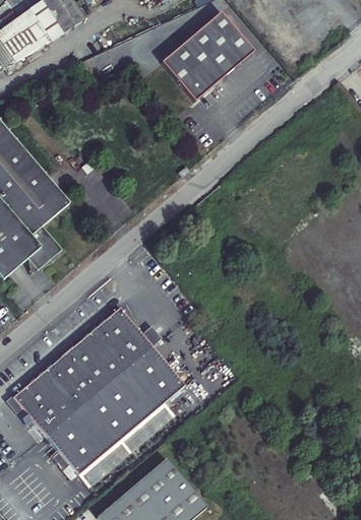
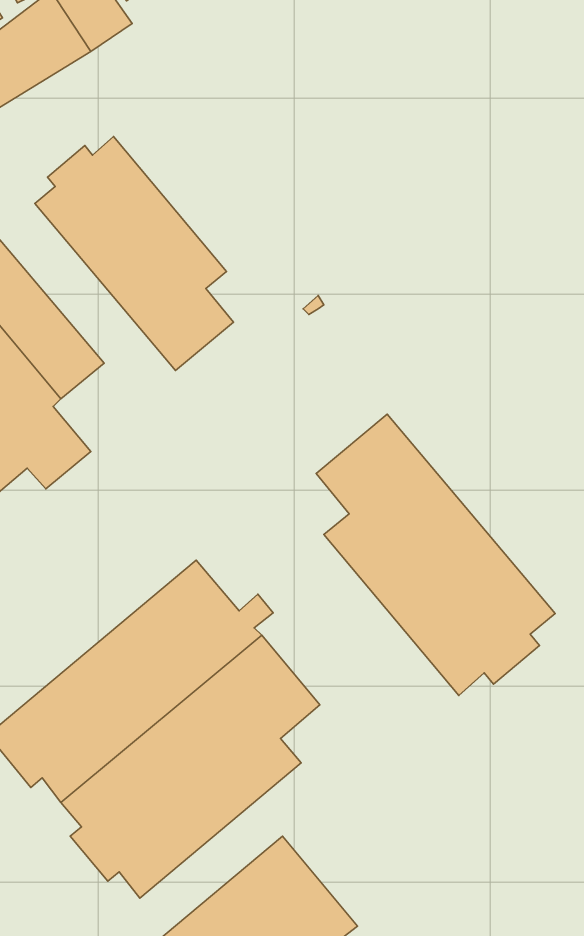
building: [162,11,252,100] -> none
building: none -> [35,137,233,371]
building: none -> [316,414,555,696]

